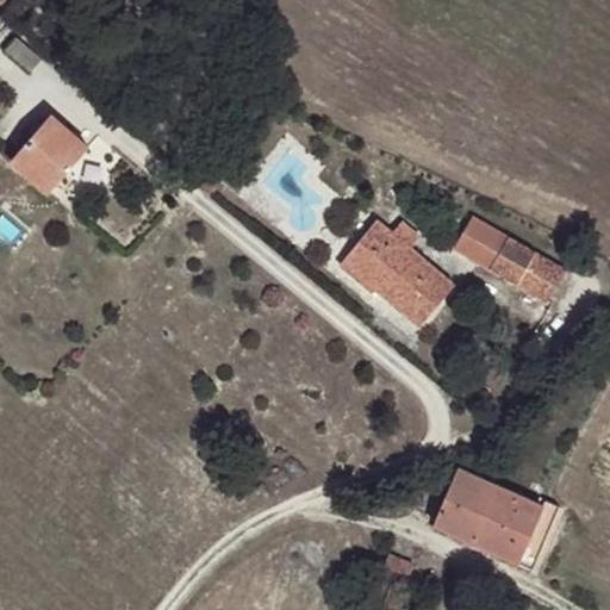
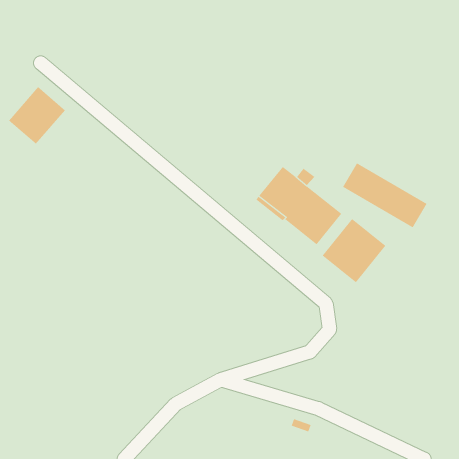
building: none -> [322,218,386,283]
building: [432,469,560,568] -> none

